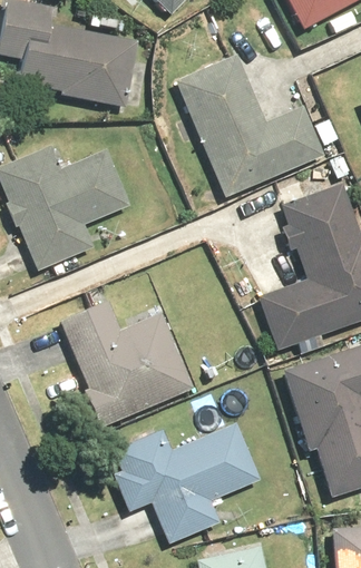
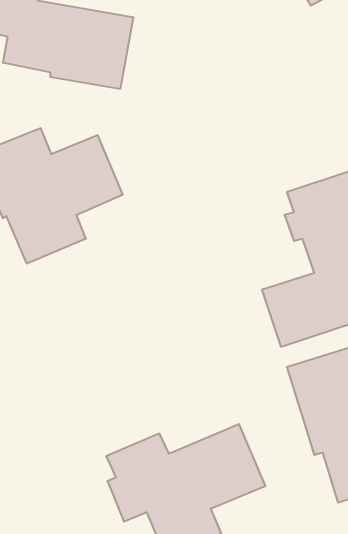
building: [174,52,325,198] -> none
building: [58,298,195,429] -> none

